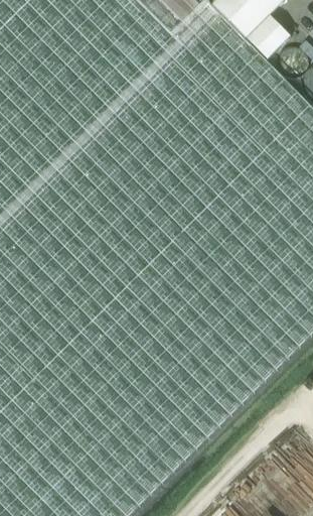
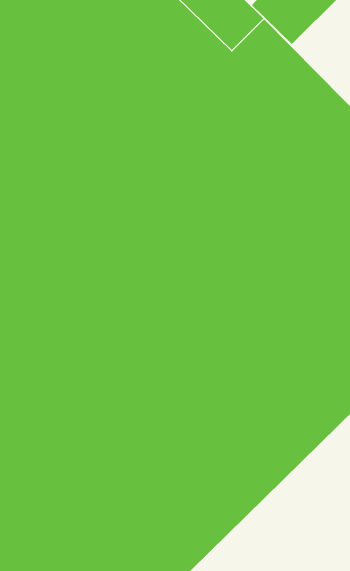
building: [247,17,290,60] -> none

